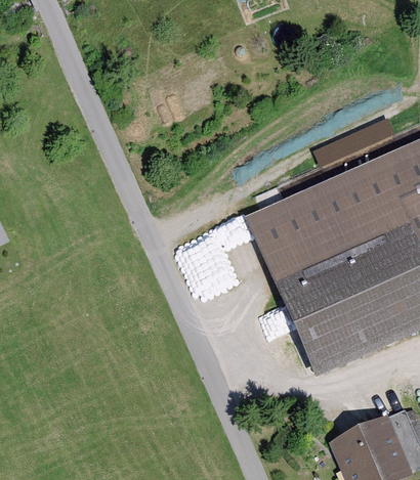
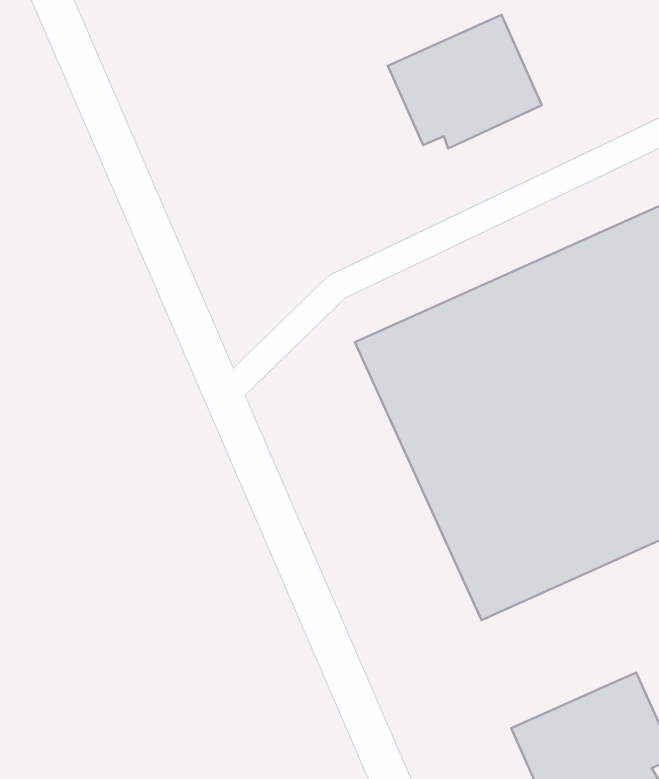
building: none -> [388,15,542,148]

